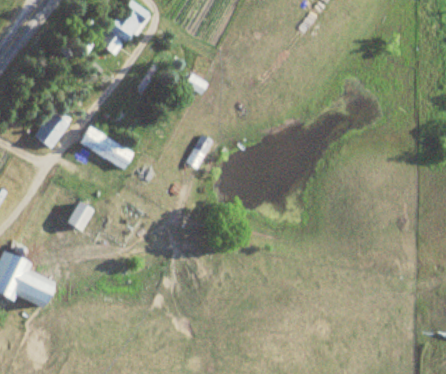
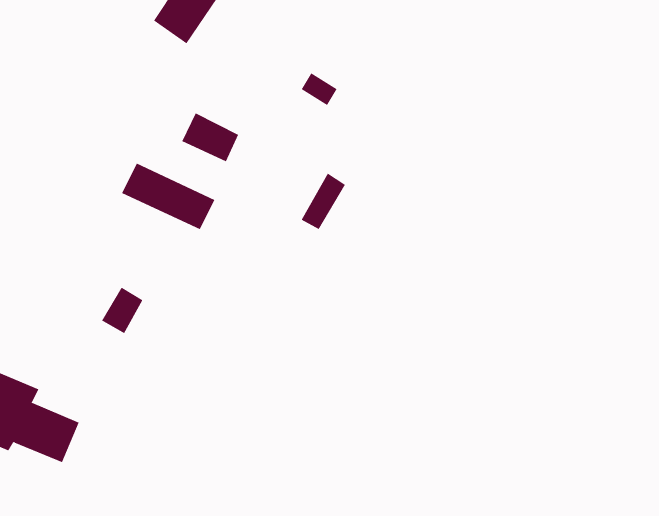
building: none -> [181,113,239,162]
building: [35,108,72,148] -> none

